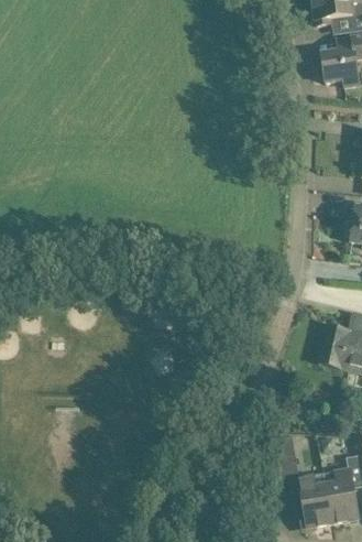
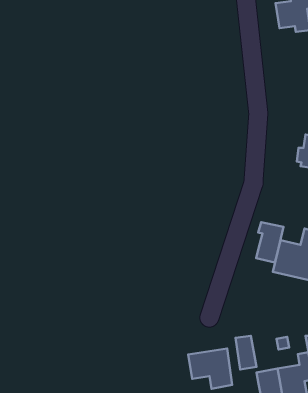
building: none -> [256,222,283,263]
building: none -> [188,348,232,389]

